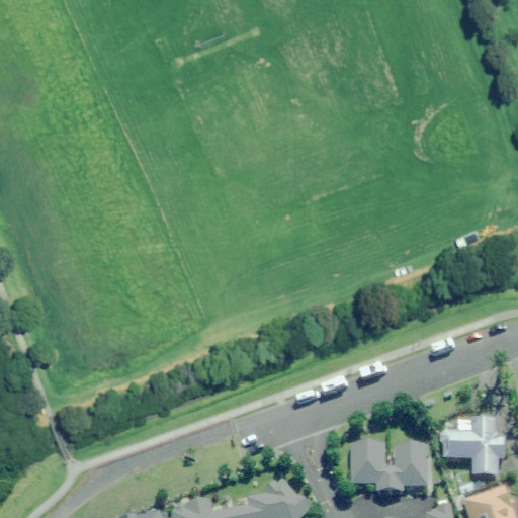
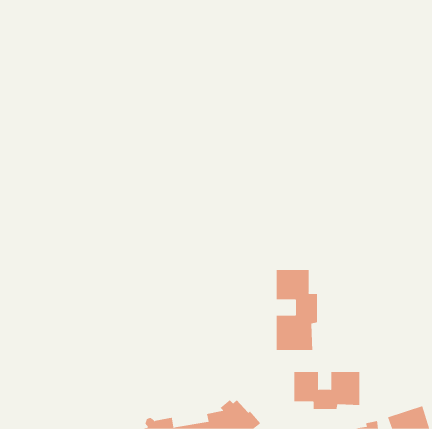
building: none -> [276,269,317,351]
building: [444,419,504,477] -> none

